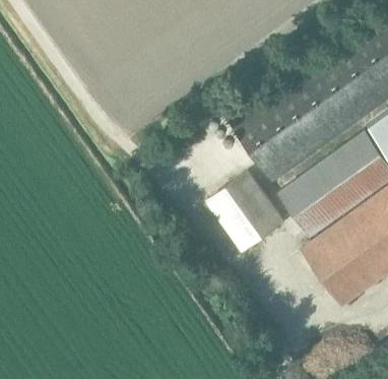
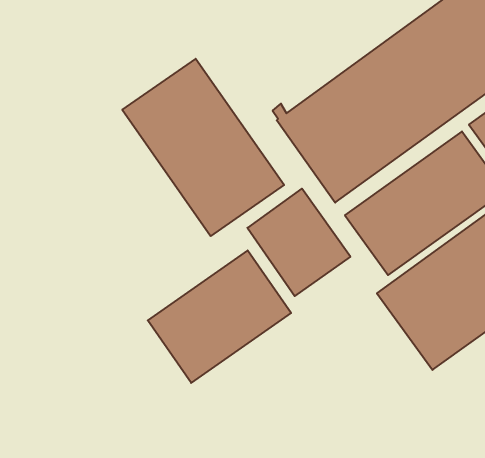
building: none -> [122,59,284,236]
building: none -> [148,250,291,383]

